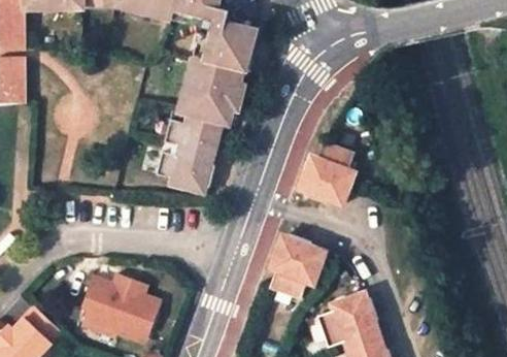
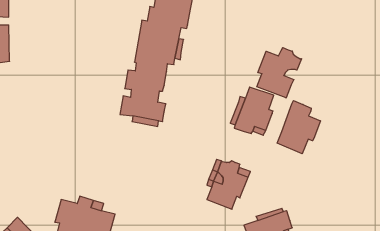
building: none -> [257,48,302,98]
building: none -> [277,101,320,154]

